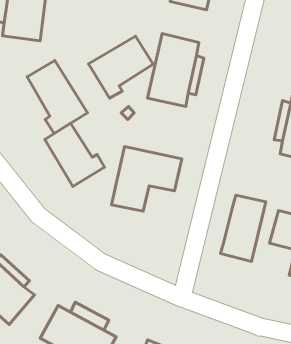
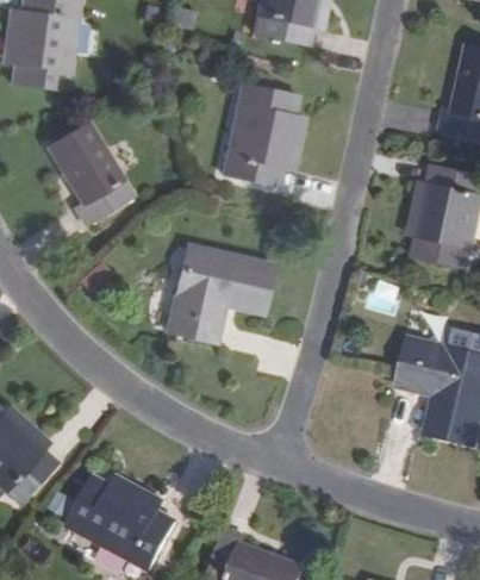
building: [88,36,153,98] -> none
building: [45,123,104,187] -> none
building: [221,195,266,262] -> none

